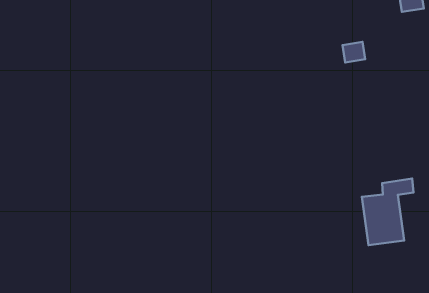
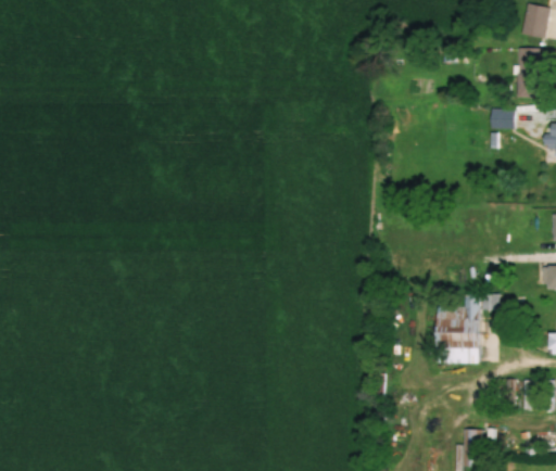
building: [343,42,365,62] -> [491,109,515,129]

